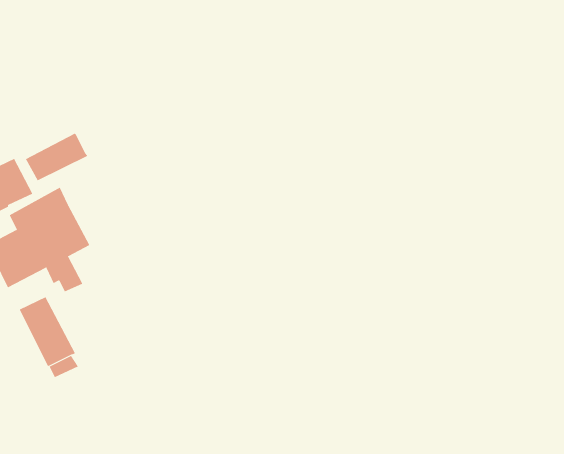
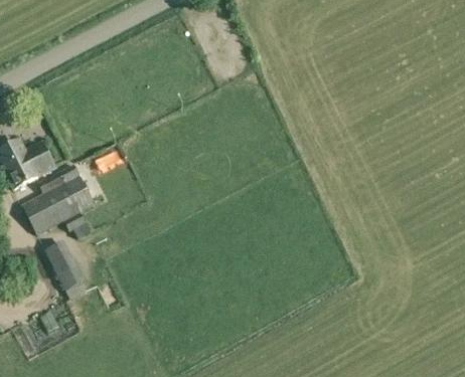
building: [25,133,88,181] -> none

